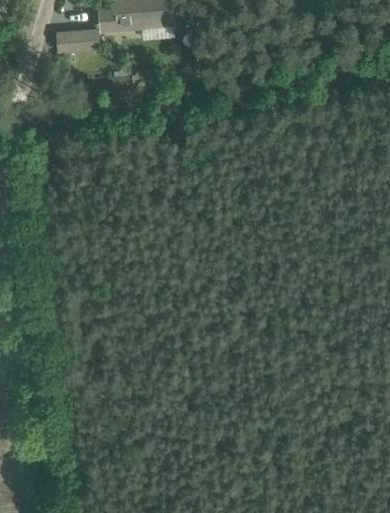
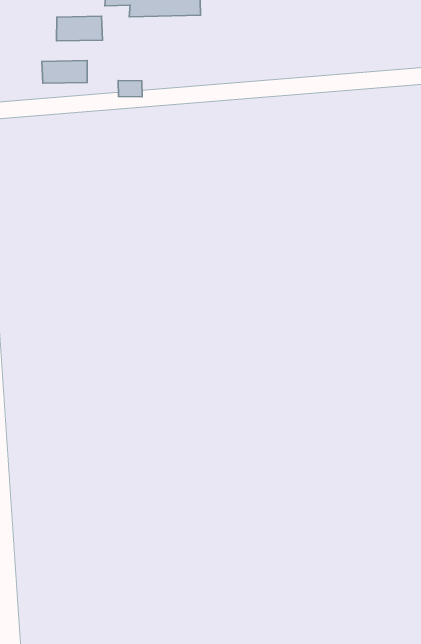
building: none -> [42,61,87,83]

